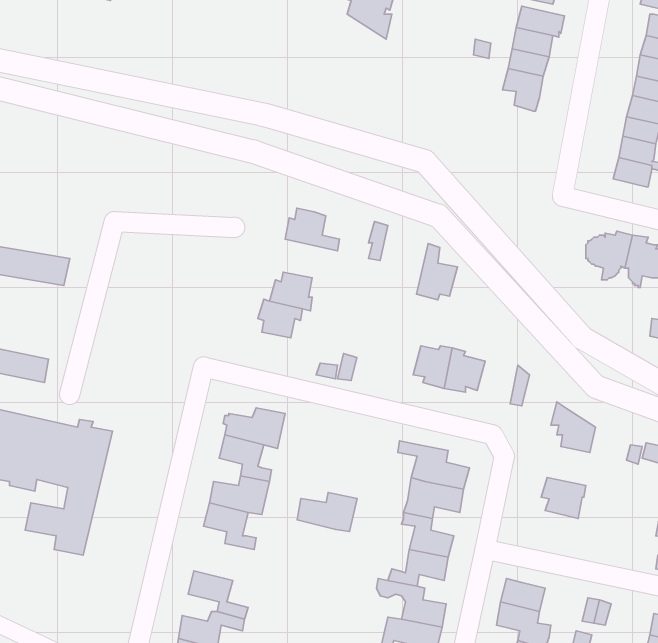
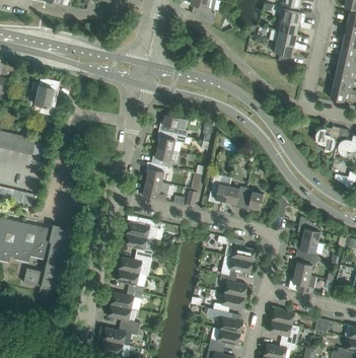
building: none -> [31,77,60,115]
building: none -> [156,130,187,150]
building: [417,244,457,300] -> [209,173,230,203]
building: none -> [140,178,169,200]
building: none -> [296,238,325,259]
building: [297,493,357,531] -> [112,289,143,309]
building: none -> [288,272,316,292]

